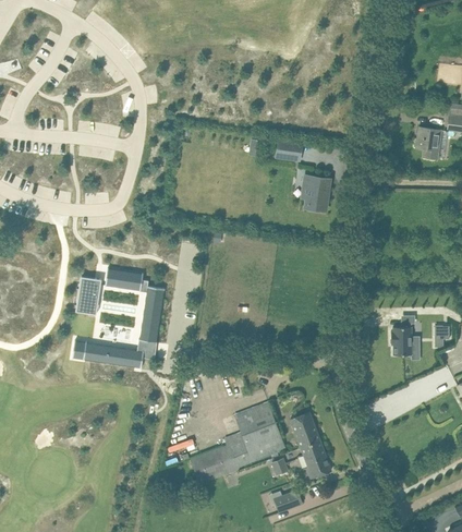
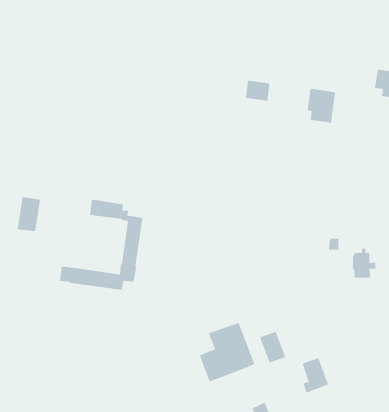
building: [300,173,331,211] -> [307,88,336,123]
building: [75,276,101,314] -> [17,196,41,231]
building: [301,440,330,480] -> [302,358,329,394]
building: [190,445,236,484] -> none

